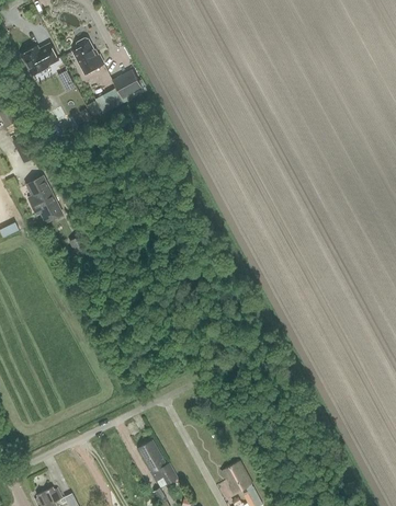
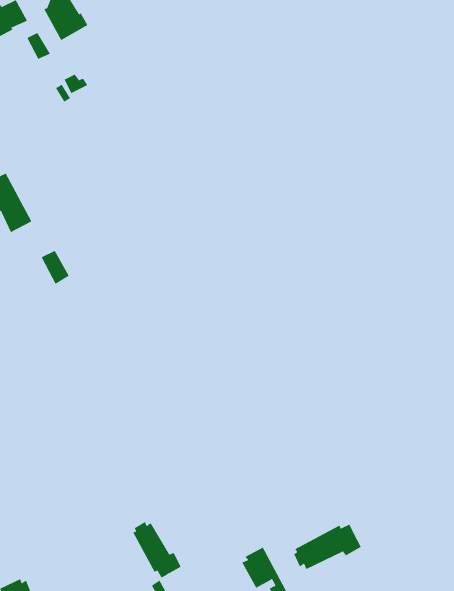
building: [113,70,144,102] -> none
building: none -> [293,524,361,570]

